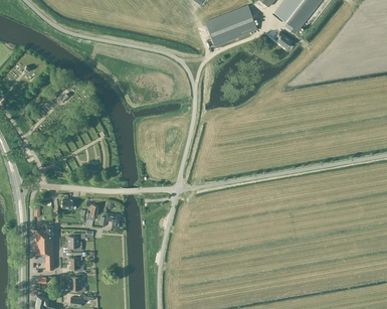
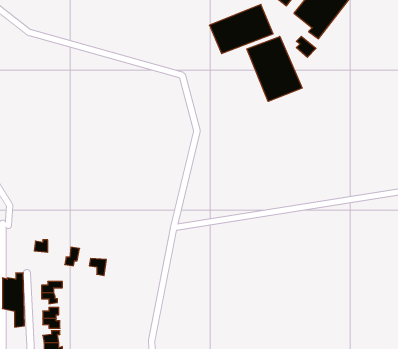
building: none -> [247,36,302,101]

